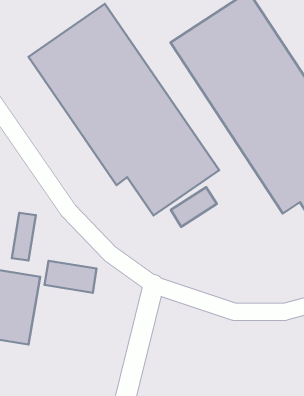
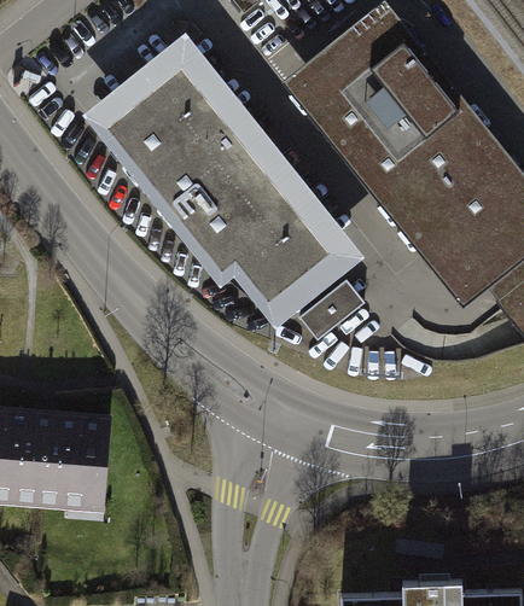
building: [12,213,36,261] -> none
building: [45,261,97,293] -> none

